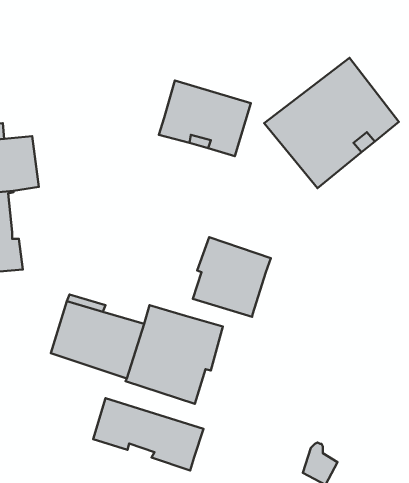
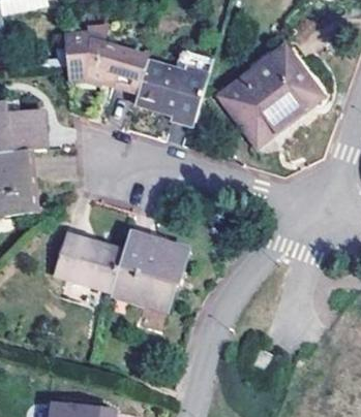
building: none -> [65,36,149,92]
building: [193,237,271,317] -> none
building: [93,398,203,471] -> none

